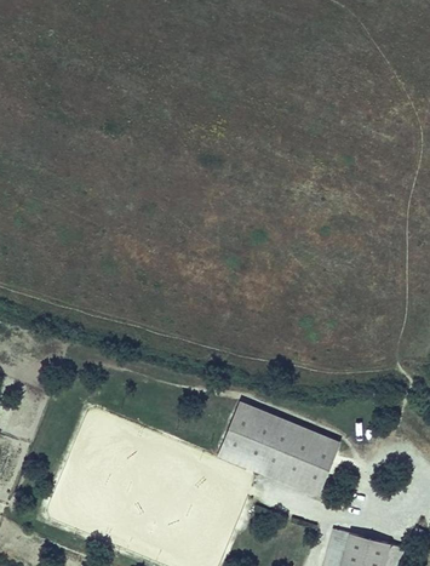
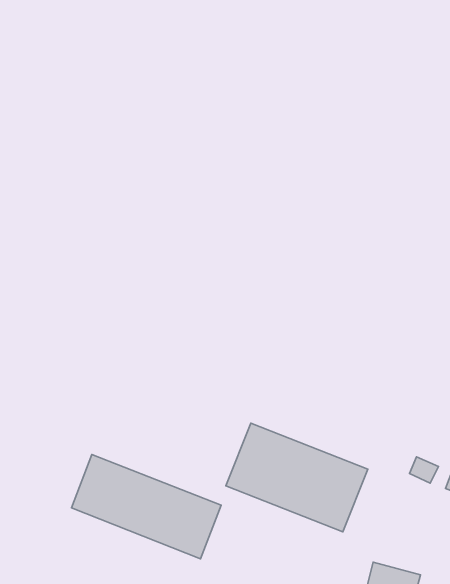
building: none -> [71,454,221,559]

